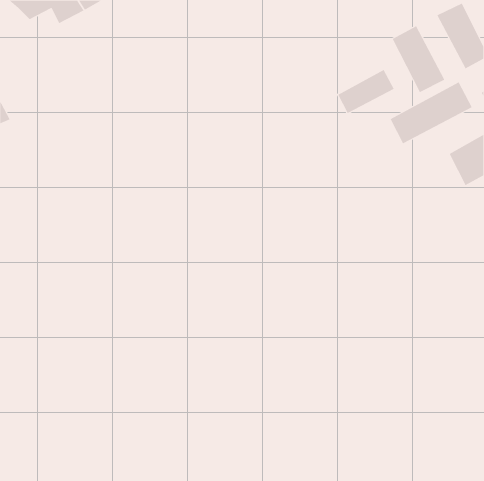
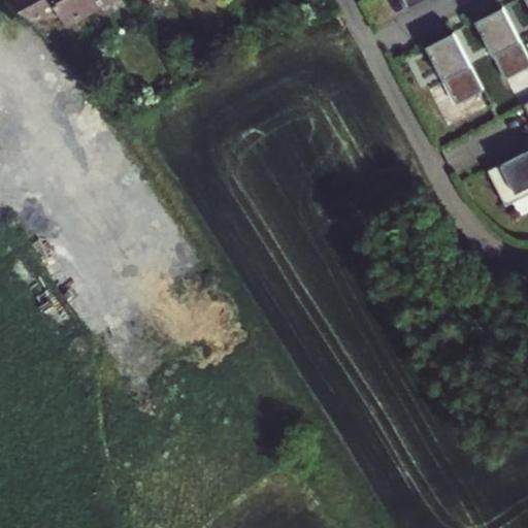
building: [337,69,395,114] -> none
building: [390,82,473,144] -> none

